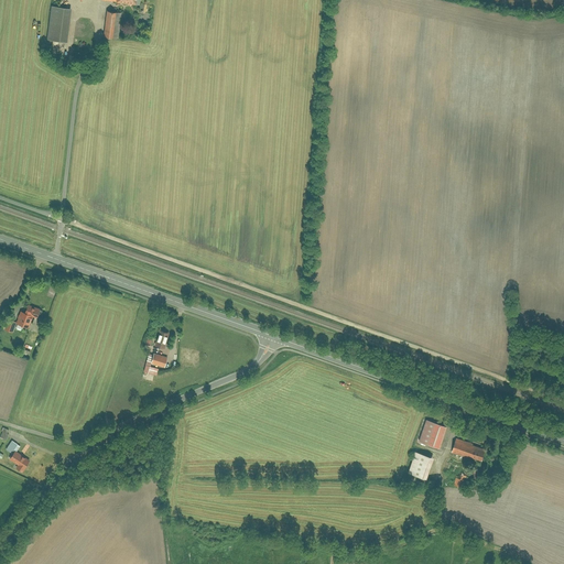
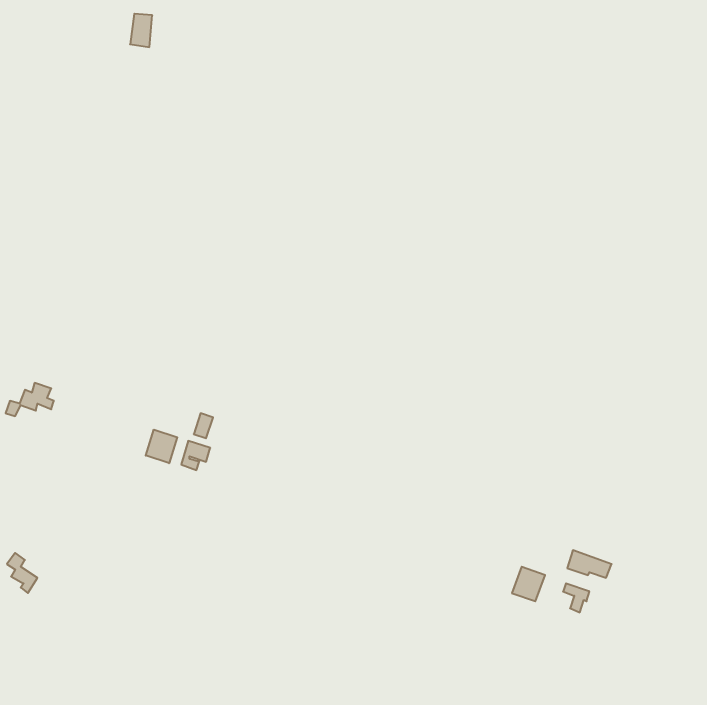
building: [47,8,73,43] -> none
building: none -> [146,430,177,463]
building: [419,421,447,449] -> none

